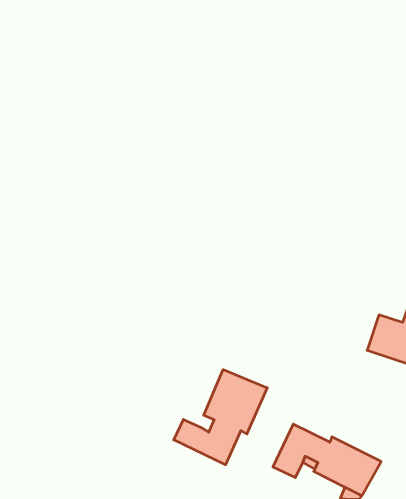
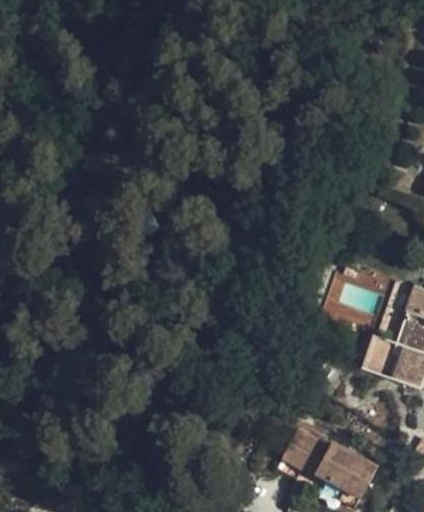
building: [174,370,267,465] -> none

